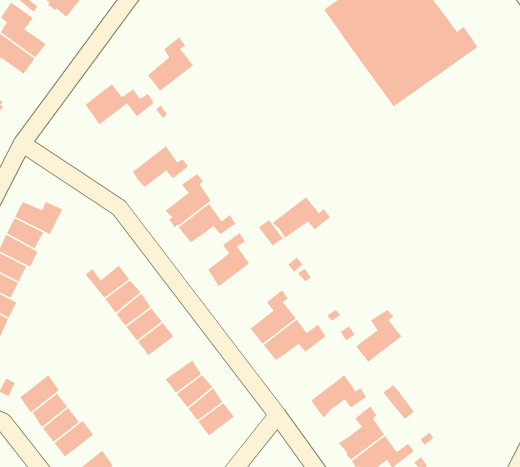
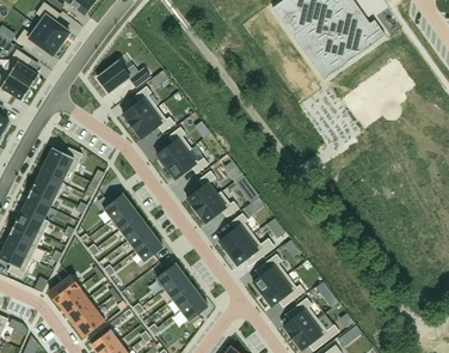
building: [147,36,194,92] -> [122,85,156,126]
building: [272,196,331,239] -> [195,191,238,223]
building: [355,309,403,363] -> [252,254,287,293]

